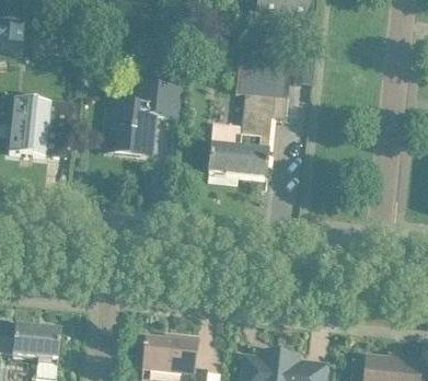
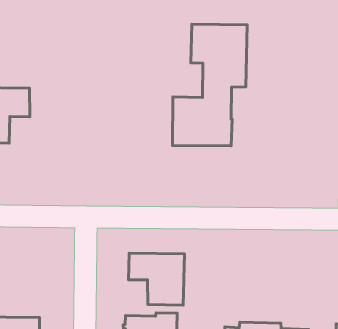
building: [105,82,181,152] -> none
building: none -> [128,253,185,305]

